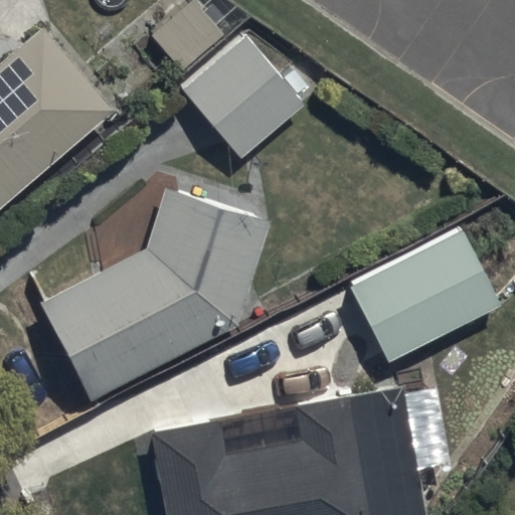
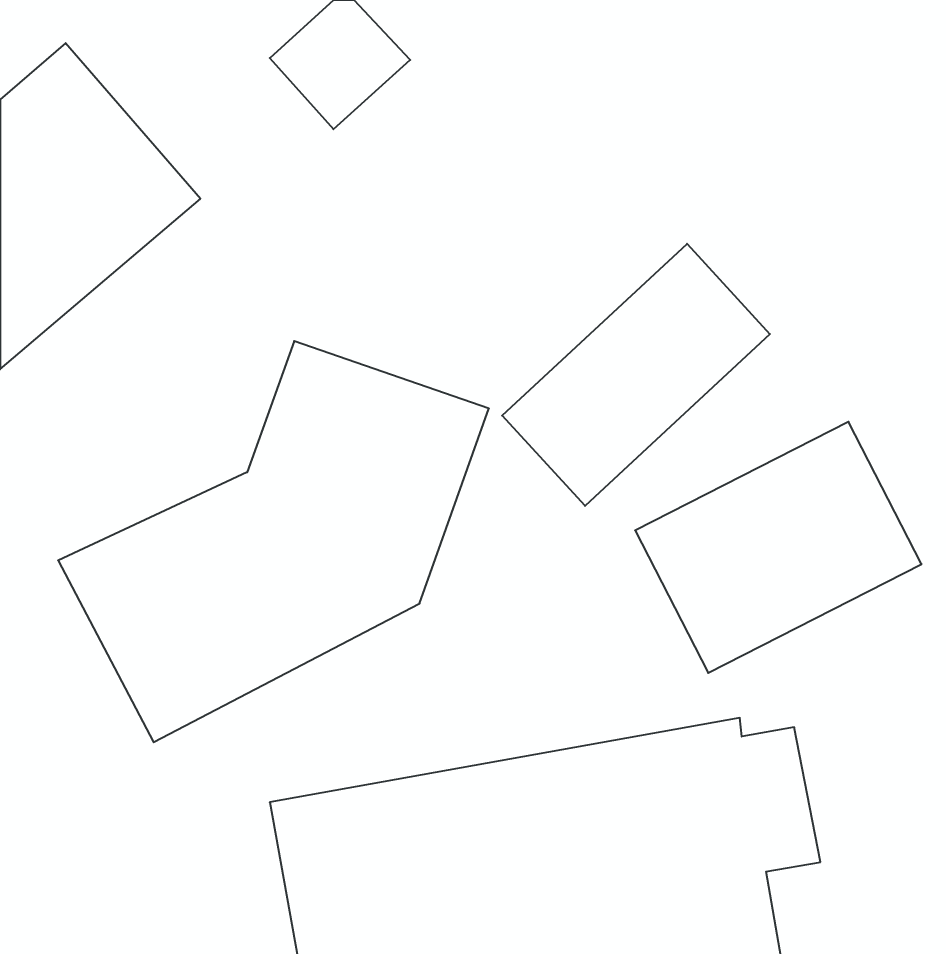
building: [182,36,311,159] -> none
building: none -> [502,244,770,506]

